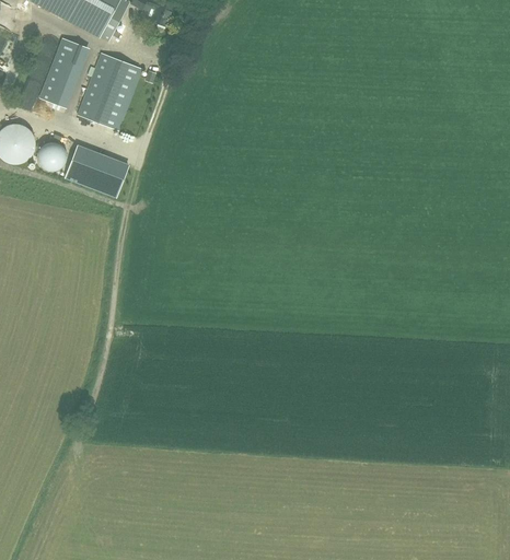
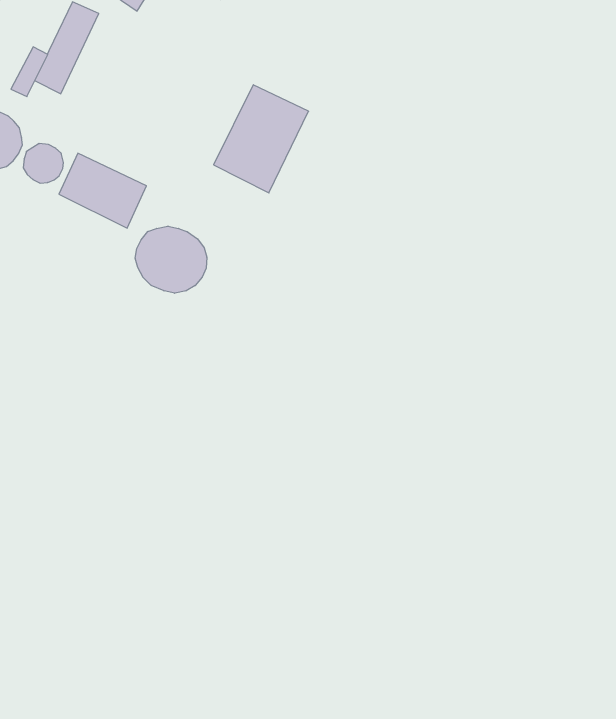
building: [78,54,142,130] -> [214,85,309,193]
building: none -> [135,226,207,293]

